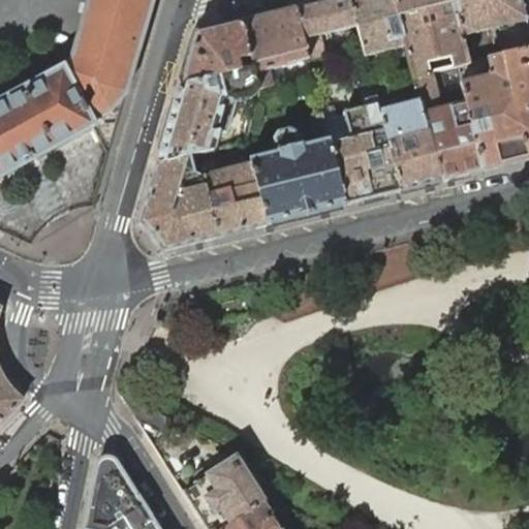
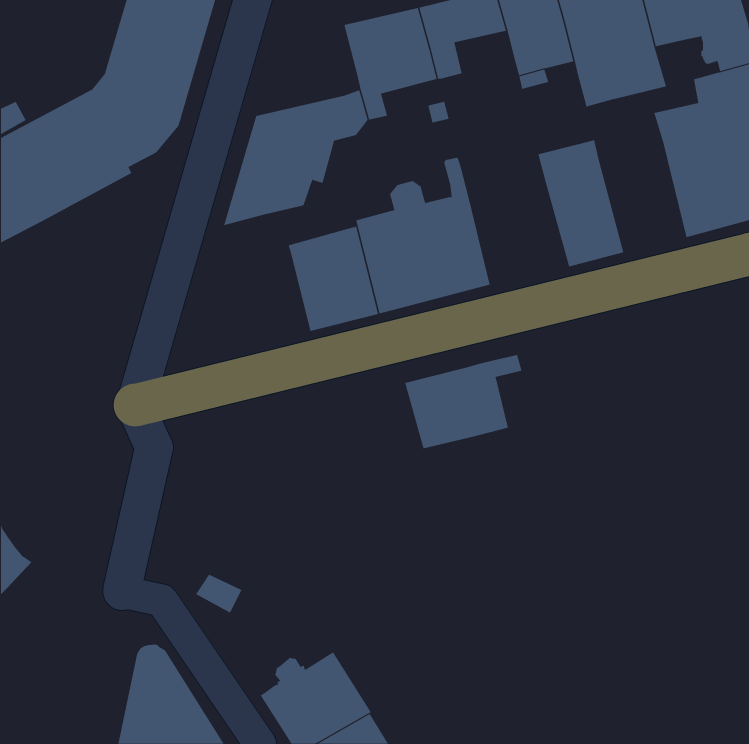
building: [181,18,254,82] -> none
building: [413,70,484,178] -> none
building: [332,73,401,200] -> none
building: [141,151,219,247] -> none
building: none -> [404,354,522,449]

